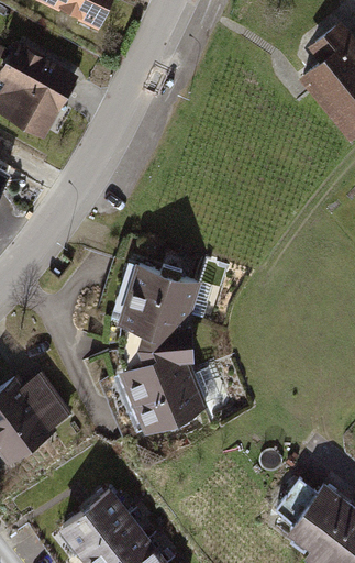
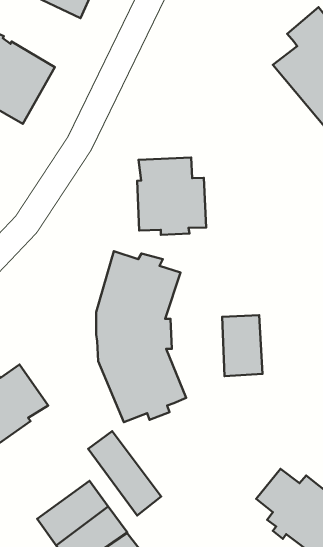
building: none -> [137,157,206,235]
building: none -> [222,315,262,376]
building: none -> [88,431,161,515]

